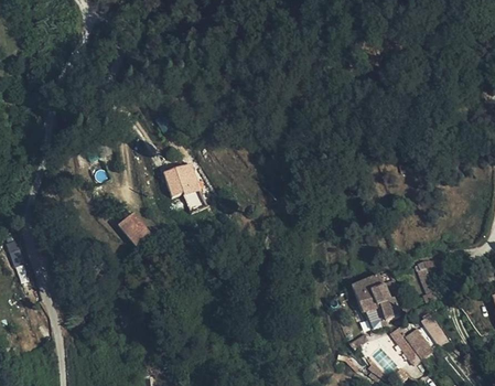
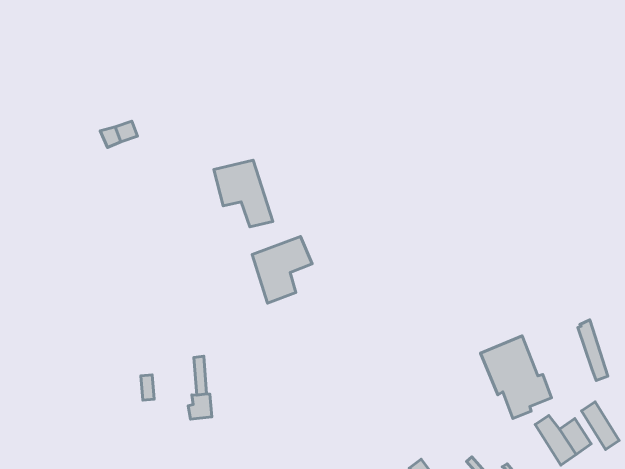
building: [118,213,150,244] -> none
building: none -> [252,236,312,303]

